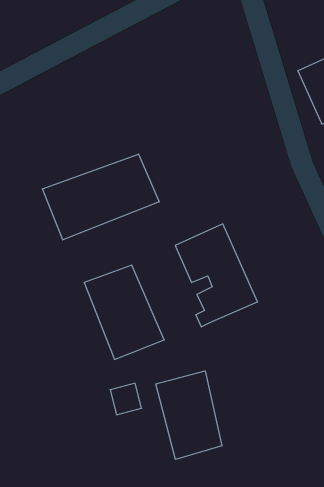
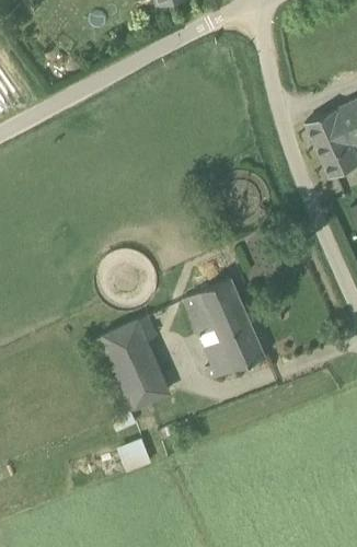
building: [42,154,159,240] -> none
building: [156,371,222,459] -> none

